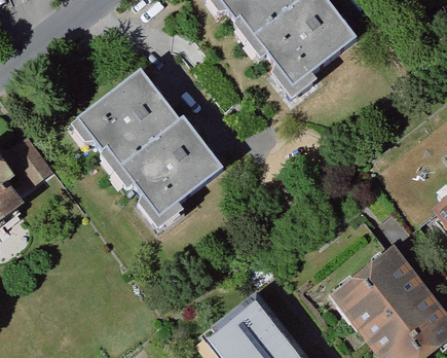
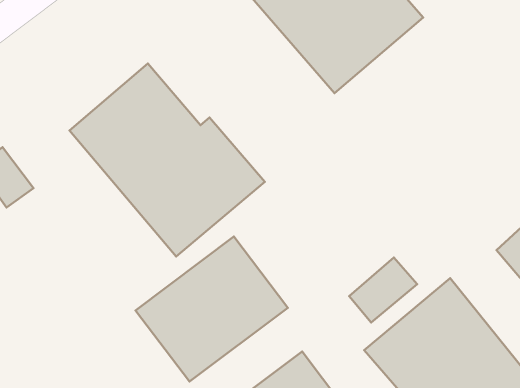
building: none -> [135,237,288,382]
building: none -> [349,257,417,323]

